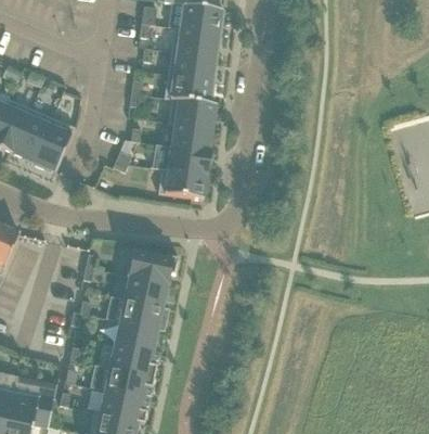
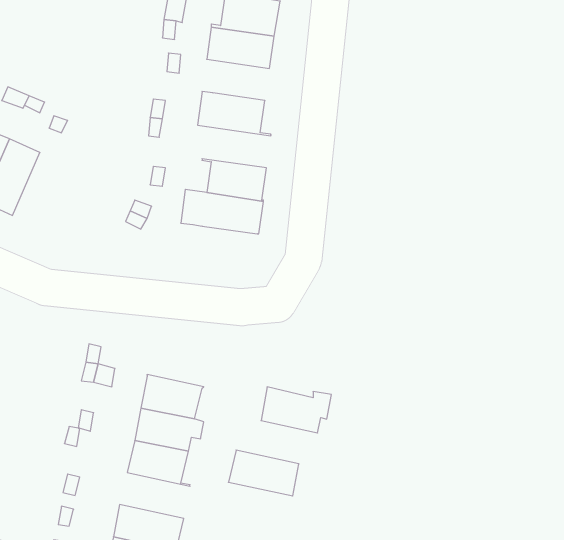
building: [167,50,214,79] -> none
building: [167,98,216,127] -> none
building: [32,116,74,169] -> none
building: [157,167,206,197] -> none
building: [128,250,178,282] -> [261,387,331,433]
building: [108,343,158,375] -> [228,450,299,496]

